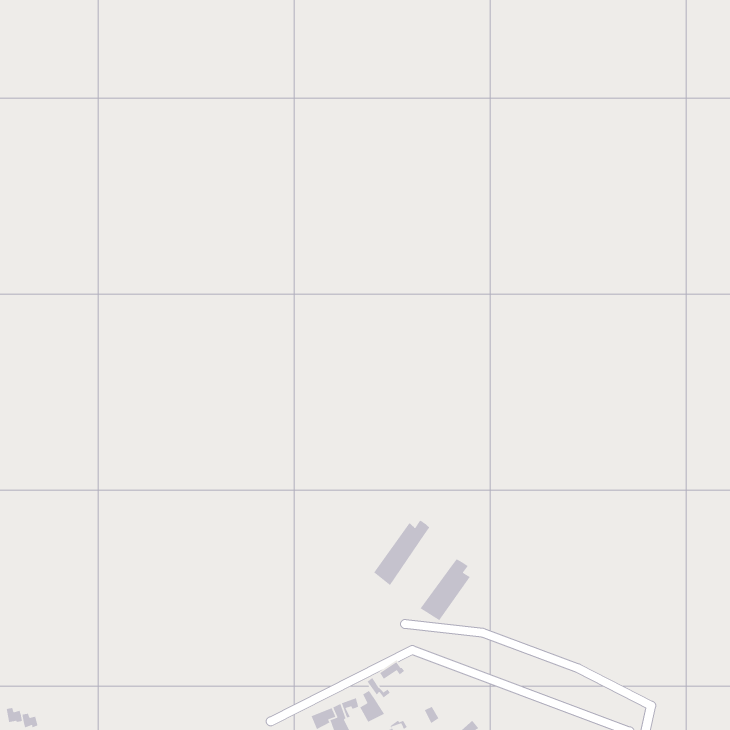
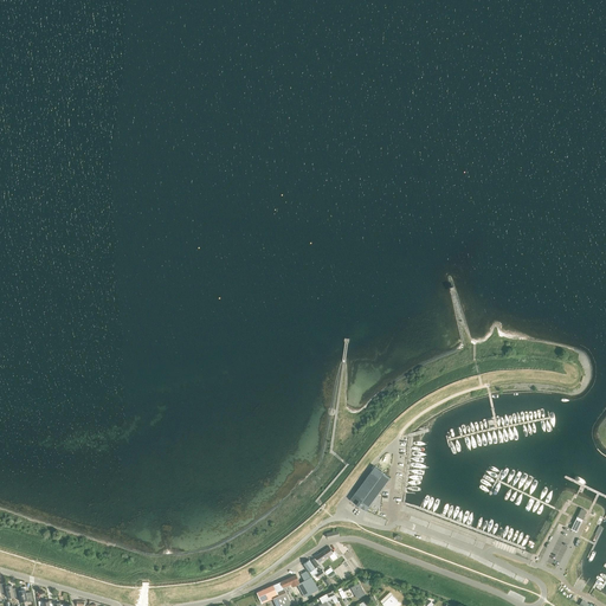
building: [373,520,430,586] -> none

